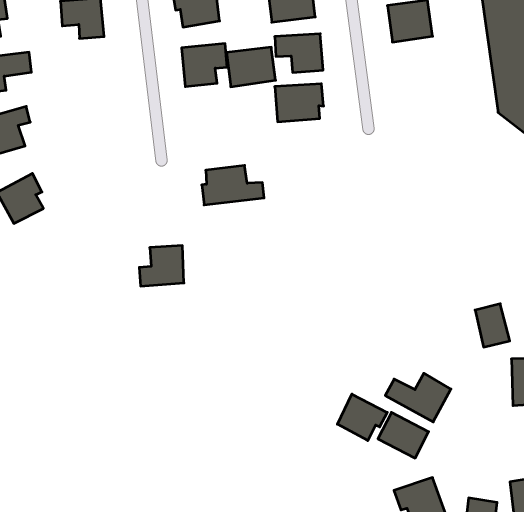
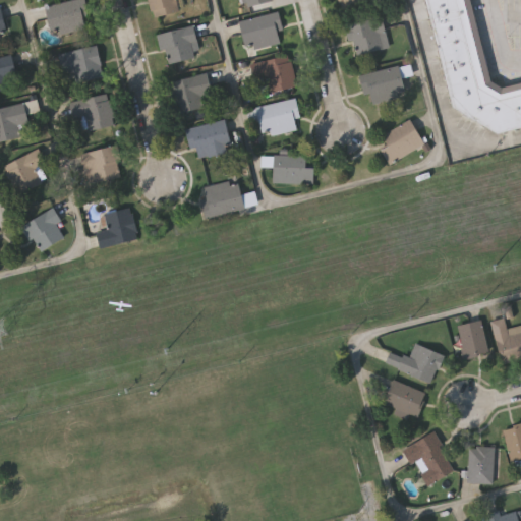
building: [227,47,276,87] -> [186,119,232,158]
building: none -> [69,93,116,130]
building: none -> [363,65,406,102]
building: none -> [80,146,123,185]
building: none -> [382,118,424,162]
building: none -> [273,154,314,183]
building: [139,246,184,286] -> [97,208,137,247]
building: [475,304,510,347] -> [456,319,489,358]
building: [337,394,387,441] -> none

